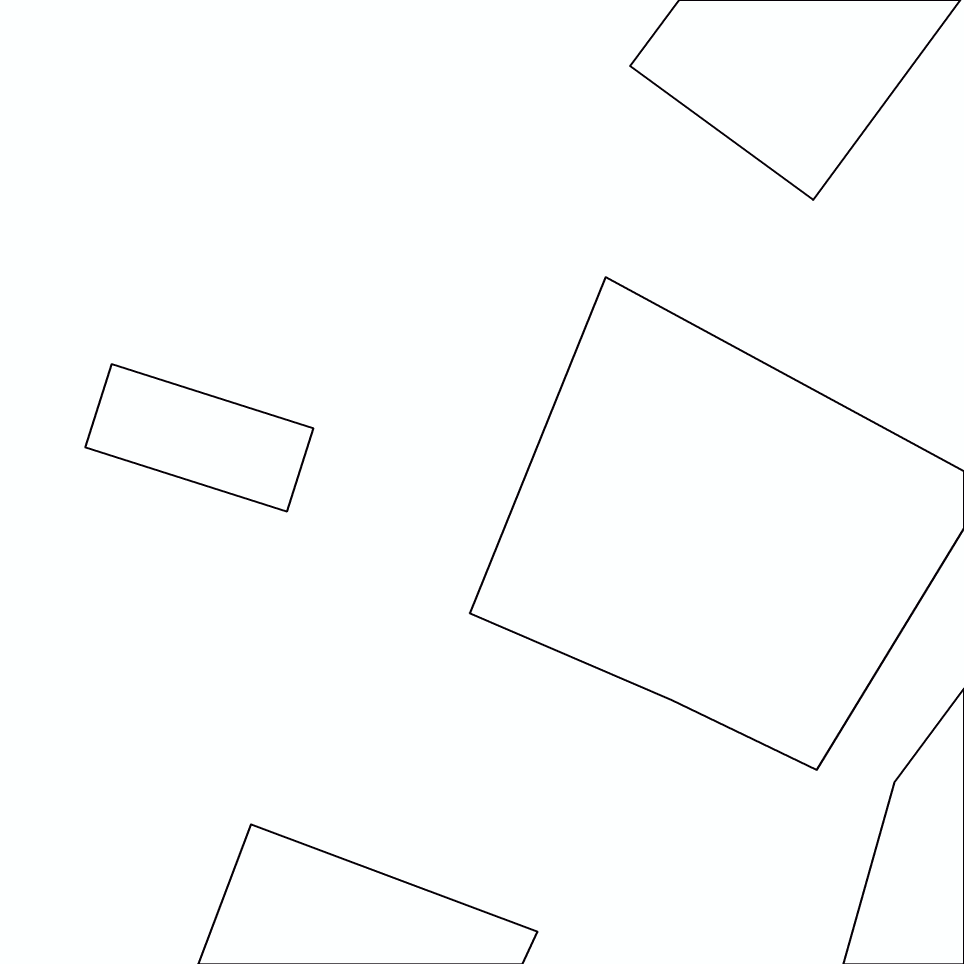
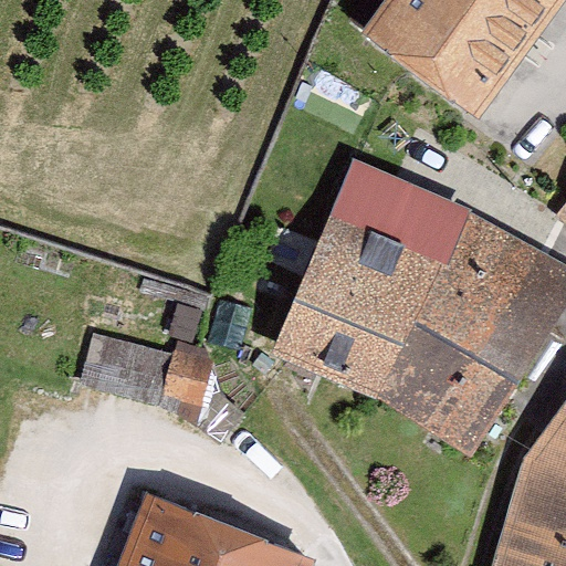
building: [85,364,313,511] -> [85,324,219,410]

